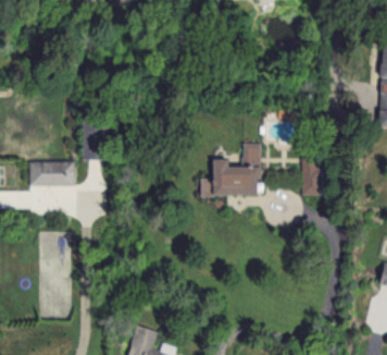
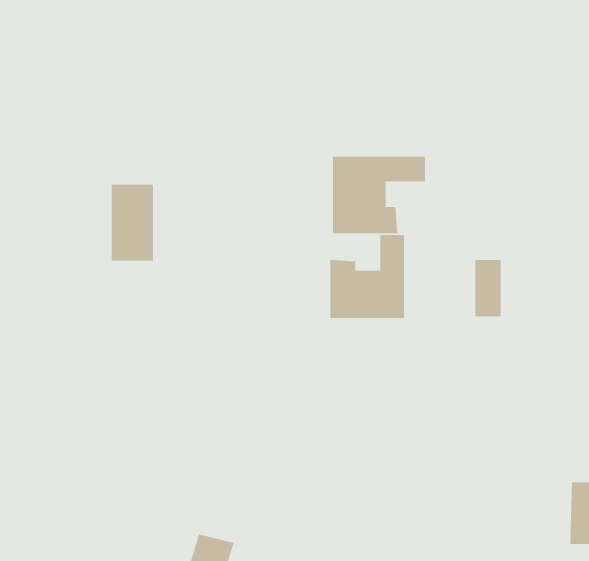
building: none -> [333,156,426,234]
building: [29,161,74,185] -> none

